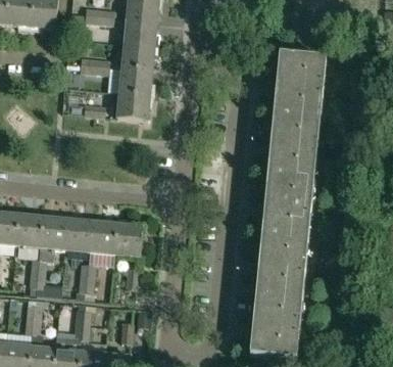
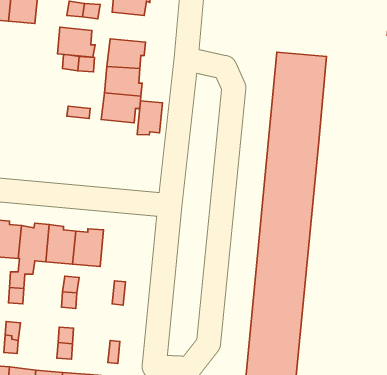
building: [125,18,159,46] -> [58,27,95,57]
building: none -> [137,101,162,135]
building: [115,220,143,256] -> none

